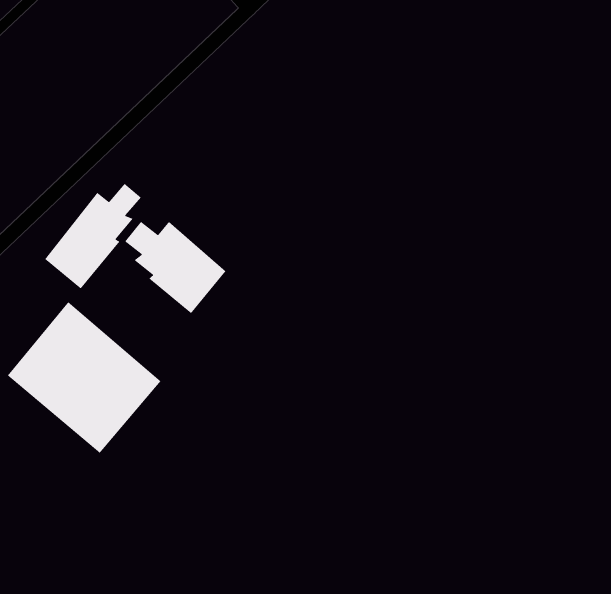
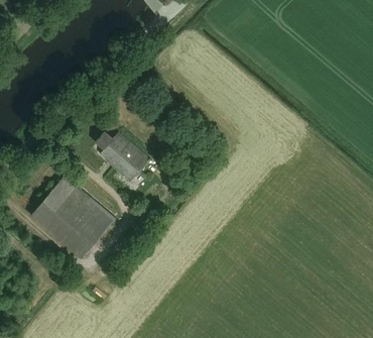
building: [44,183,142,289] -> none

